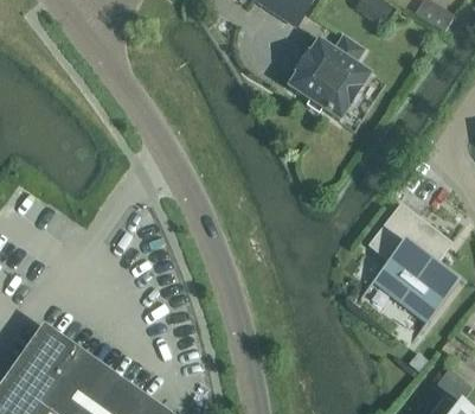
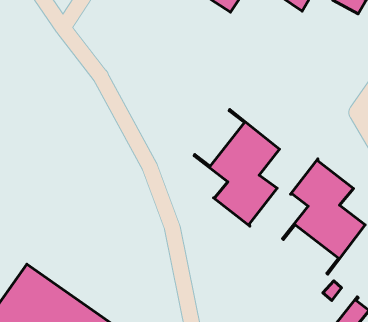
building: [288,36,370,119] -> none
building: none -> [194,110,280,226]

